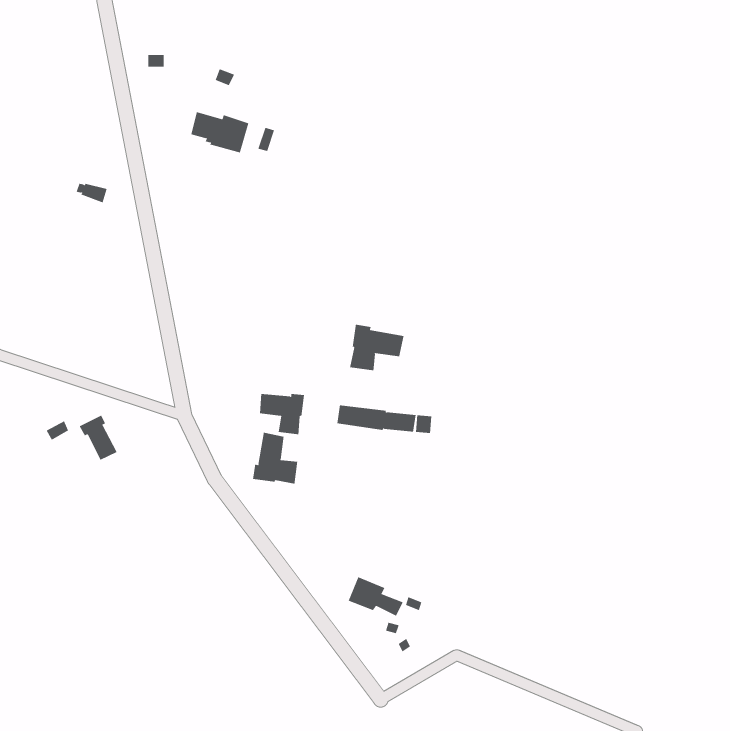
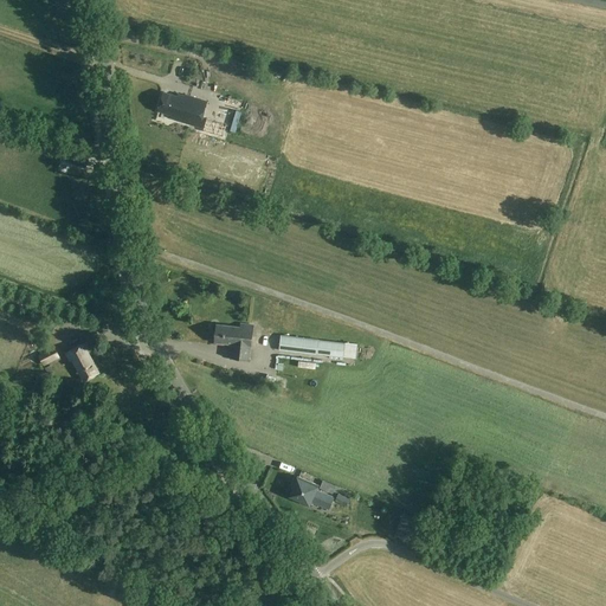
building: [350,324,404,371] -> none
building: [252,432,298,485] -> none

